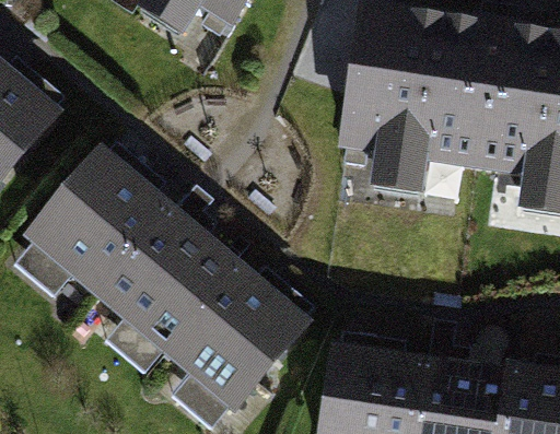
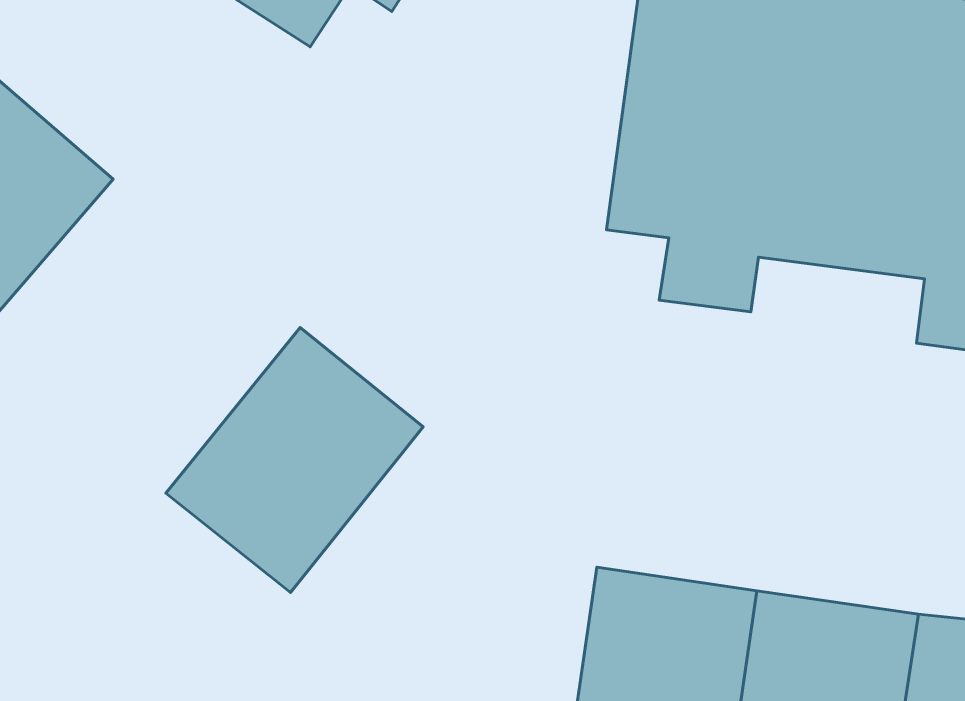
building: [26,145,171,295] -> none
building: [165,258,310,407] -> none

